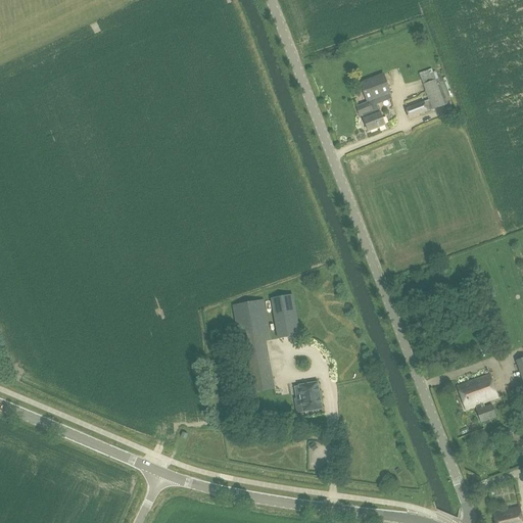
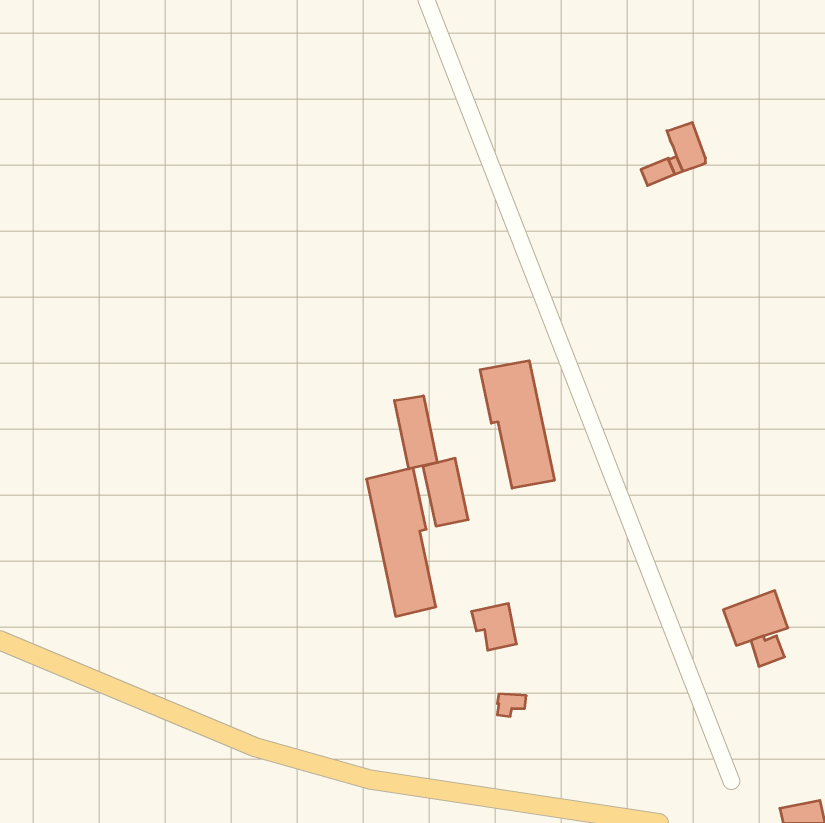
building: [356,73,390,131] -> none
building: none -> [480,361,554,488]
building: none -> [394,396,437,469]

